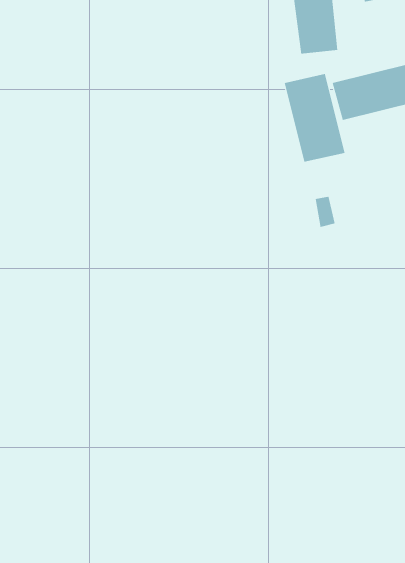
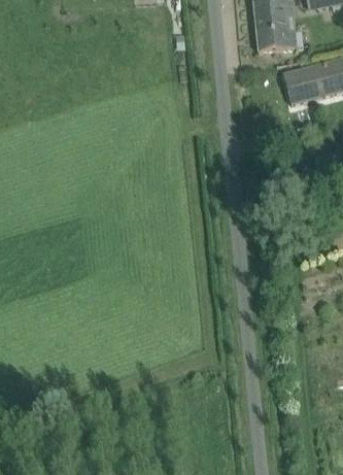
building: [284,73,345,163] -> none

